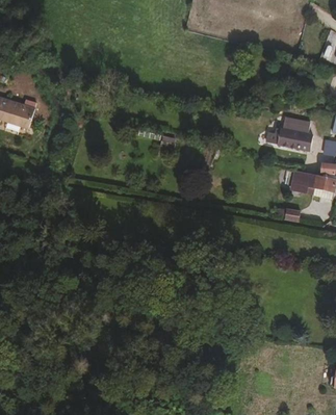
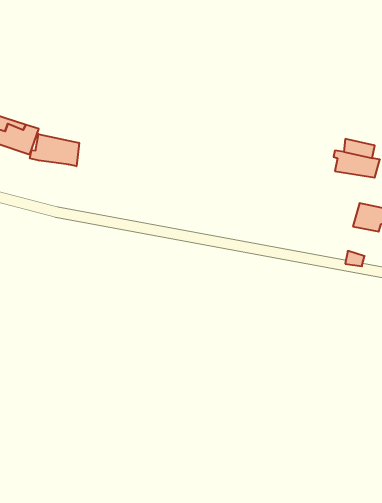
building: none -> [30,134,79,166]

